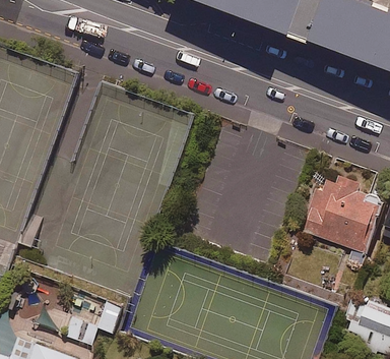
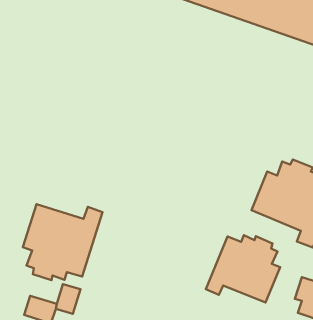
building: none -> [23,204,102,280]
building: none -> [206,235,280,303]

